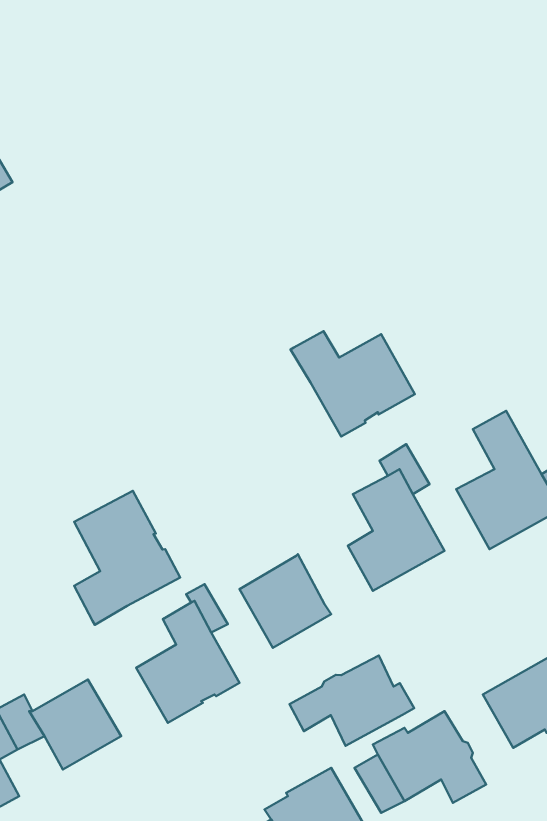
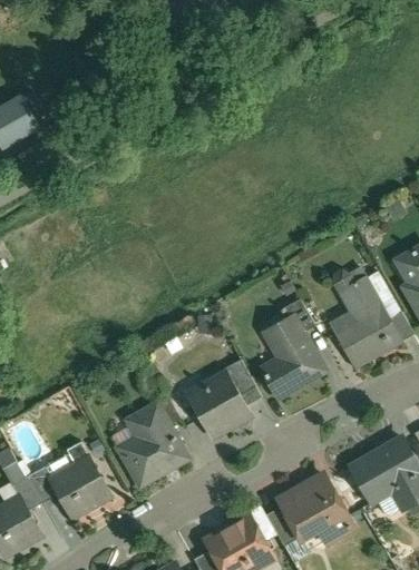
building: [290,331,415,437] -> none
building: [74,491,180,625] -> none
building: none -> [224,360,262,406]
building: [289,656,414,746] -> none

